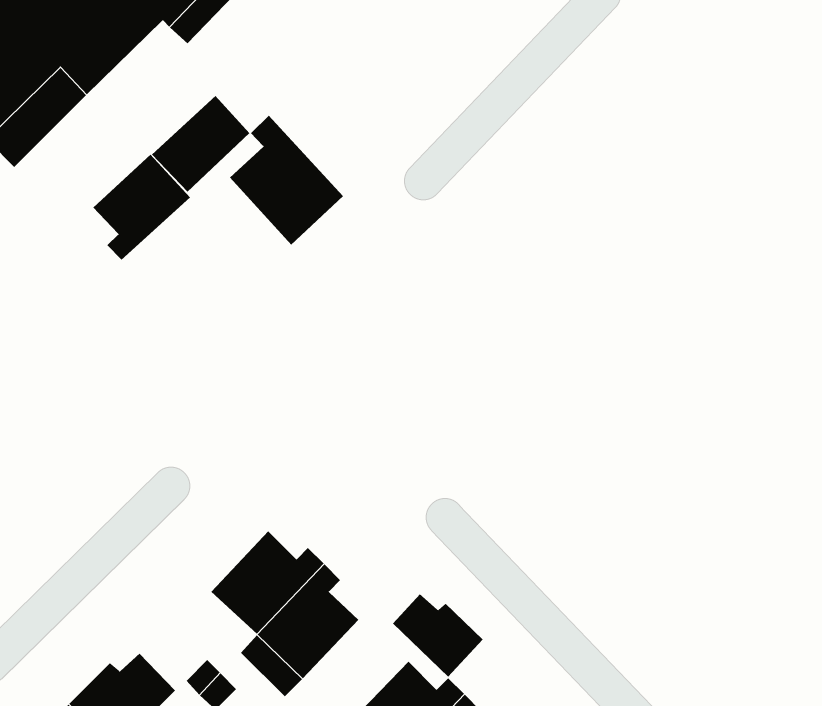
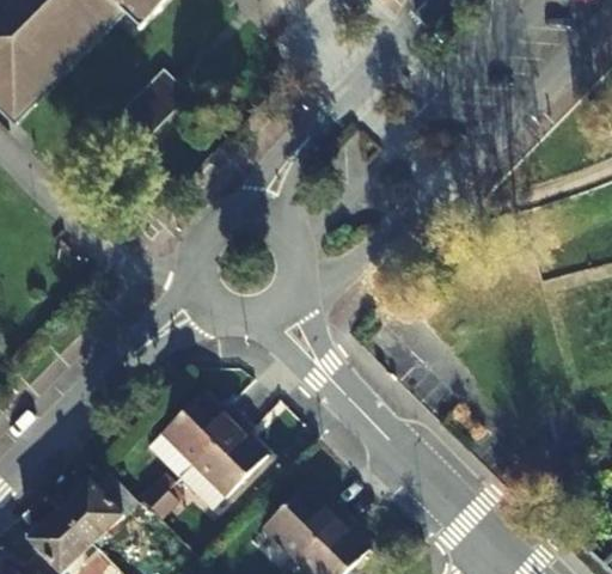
building: [229,115,344,245] -> none
building: [92,154,191,261] -> none
building: [392,593,483,677] -> none

